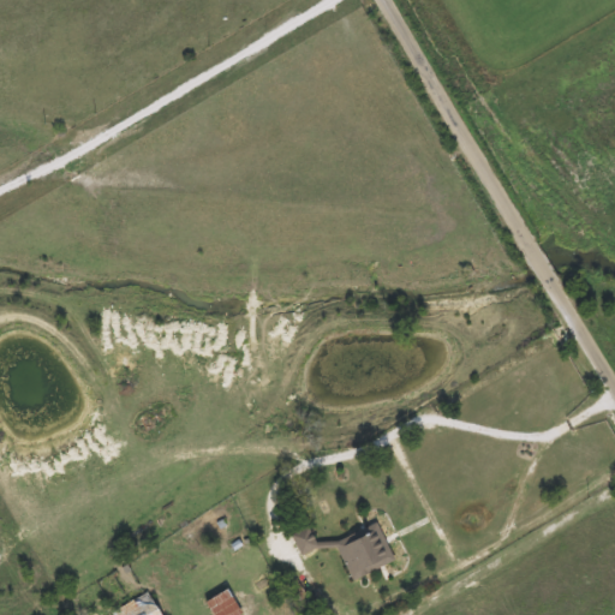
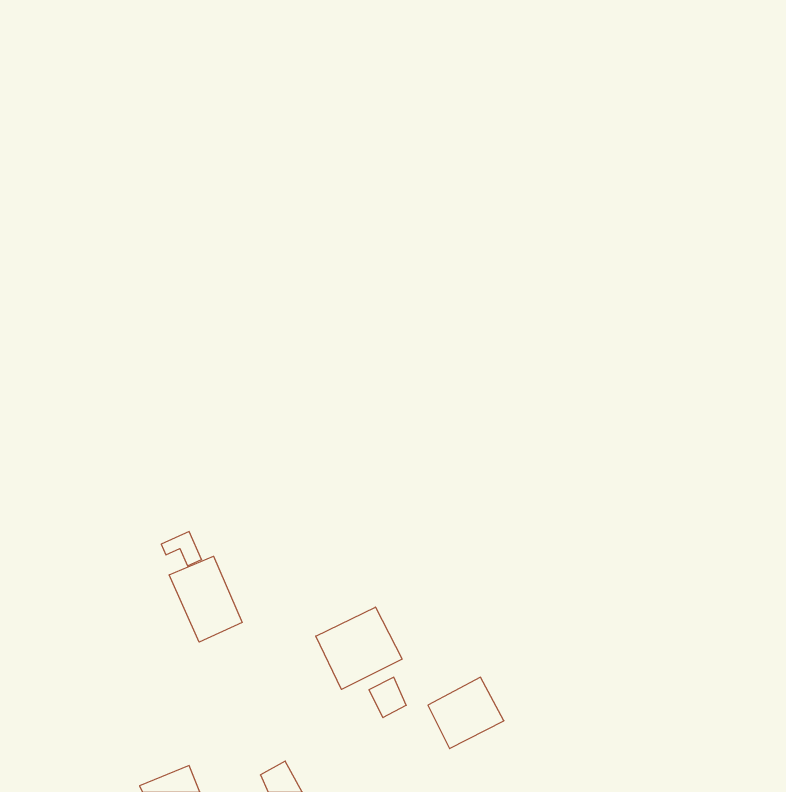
building: none -> [169,556,242,642]
building: none -> [316,607,402,689]

